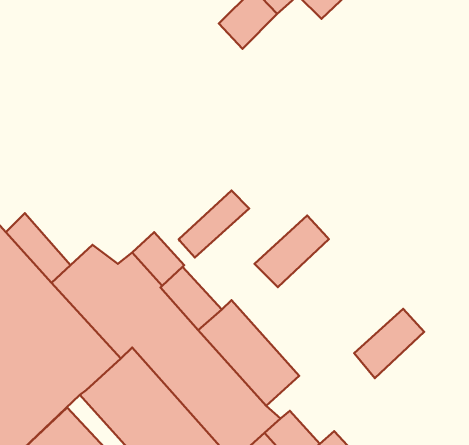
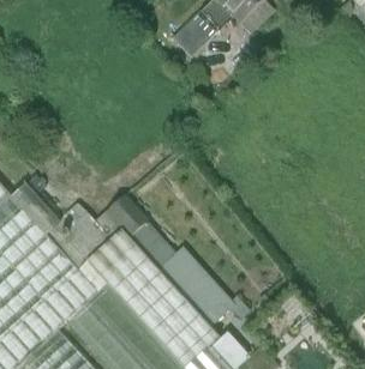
building: [179,190,249,257] -> none
building: [255,215,329,287] -> none
building: [354,309,424,378] -> none

